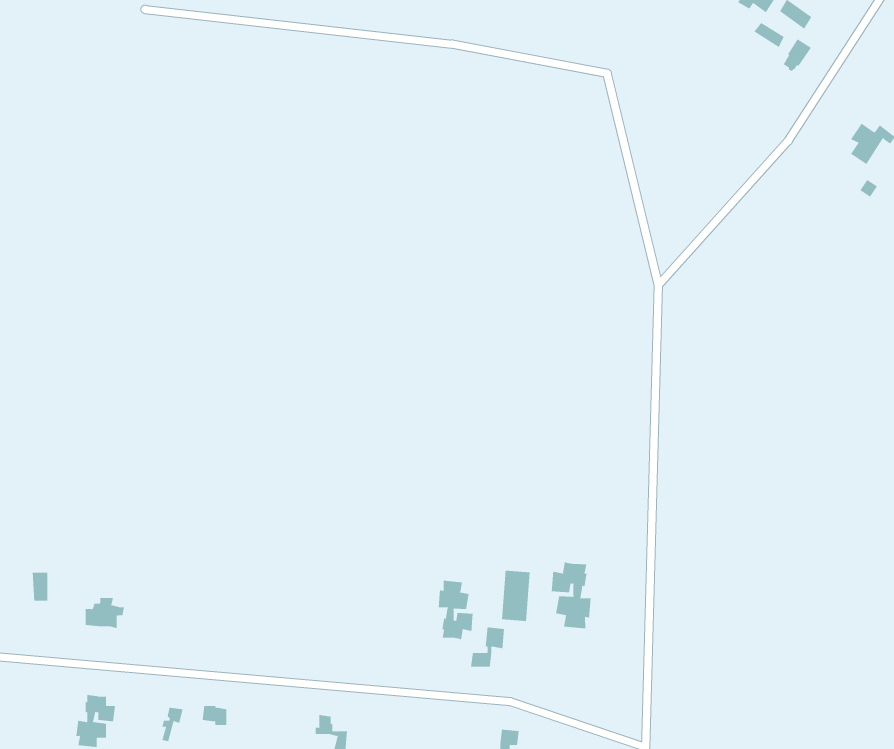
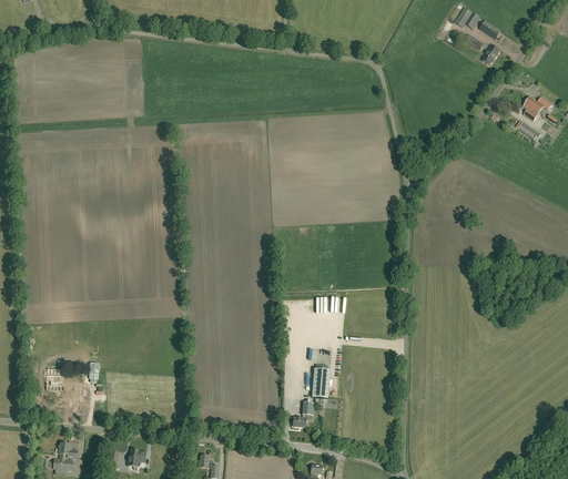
building: [551,562,591,629] -> none
building: [438,580,473,640] -> none

